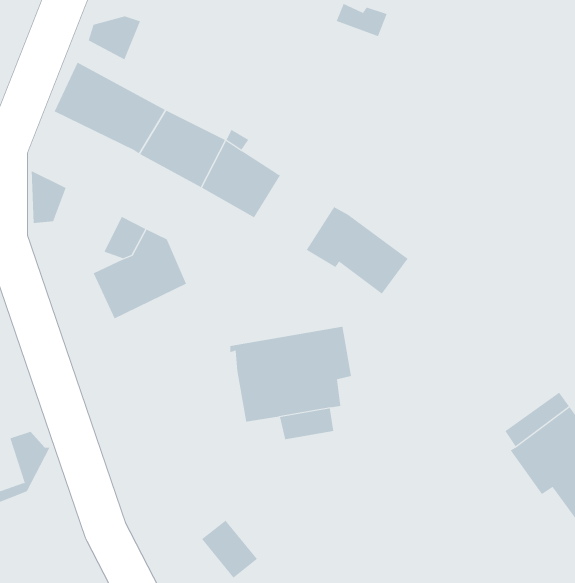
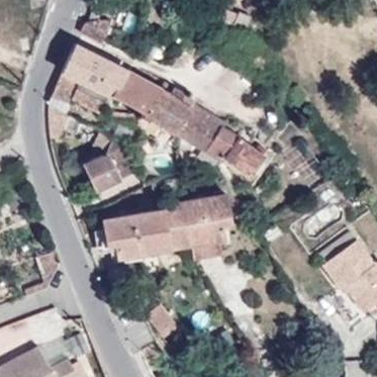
building: none -> [52,73,107,111]
building: none -> [176,104,224,152]
building: none -> [102,209,171,259]

